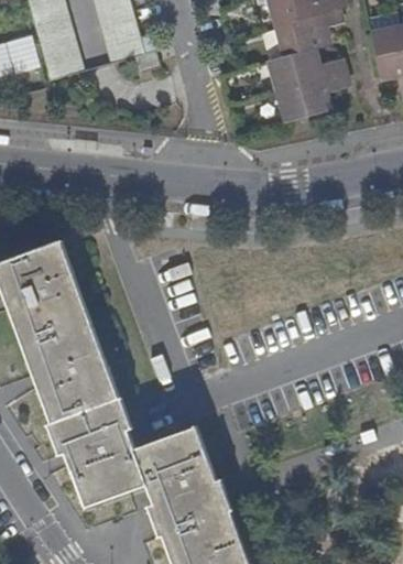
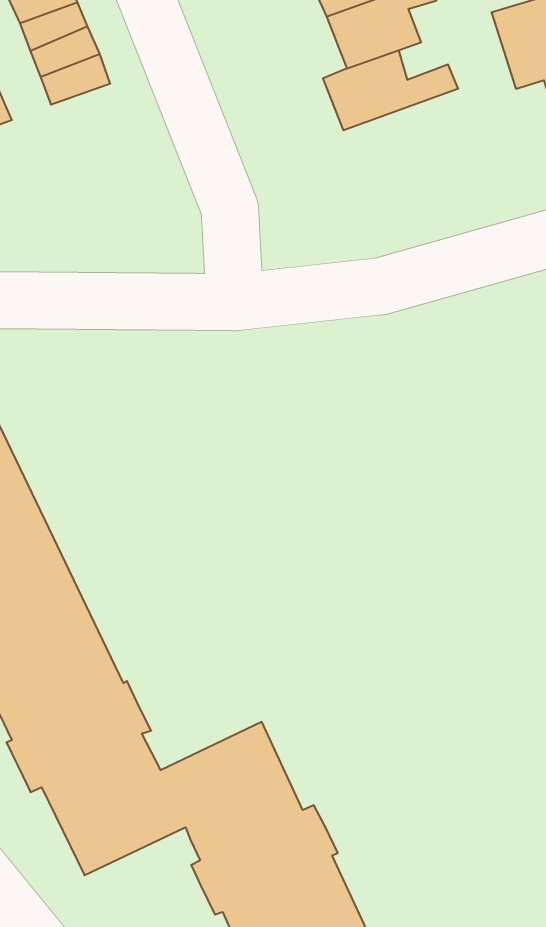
building: [274,76,346,123] -> none

